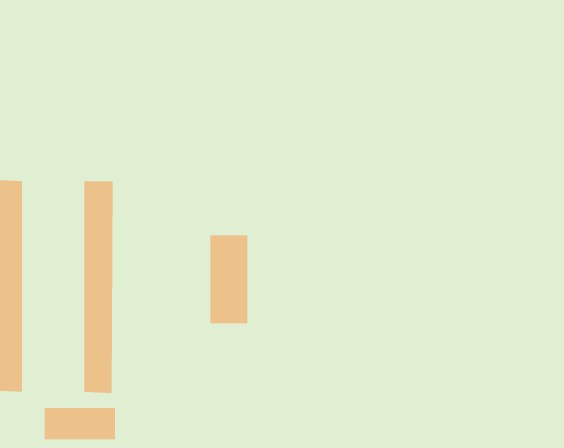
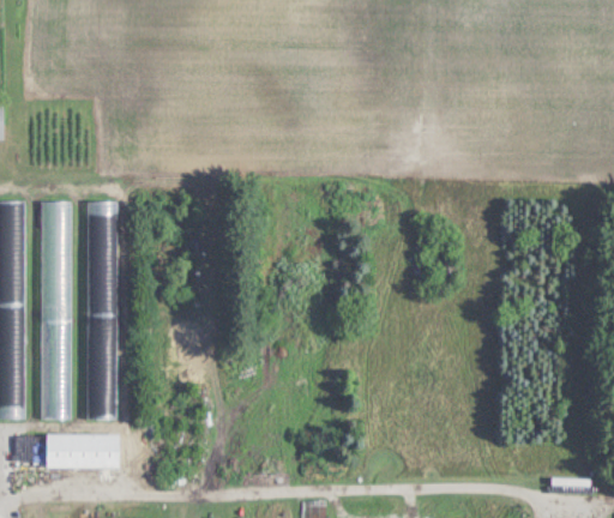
building: none -> [40,201,71,420]
building: [210,235,248,324] -> none

